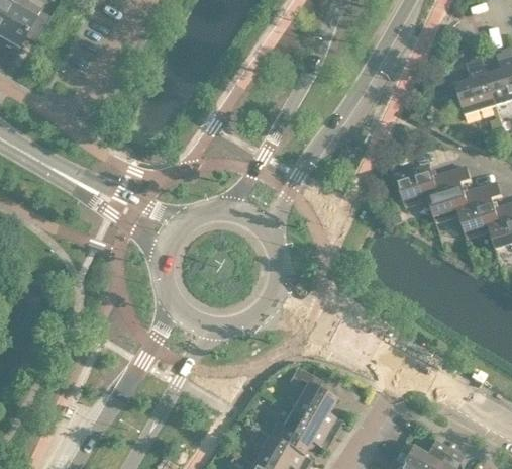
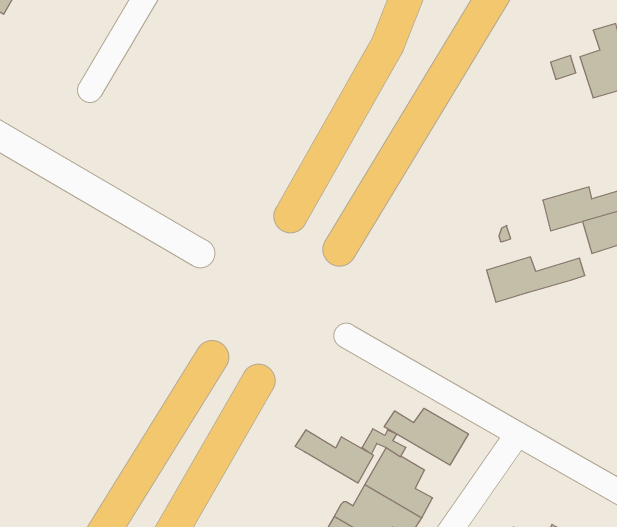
building: [397,167,472,201] -> [487,257,585,302]
building: none -> [384,408,468,465]
building: none -> [295,430,373,483]

